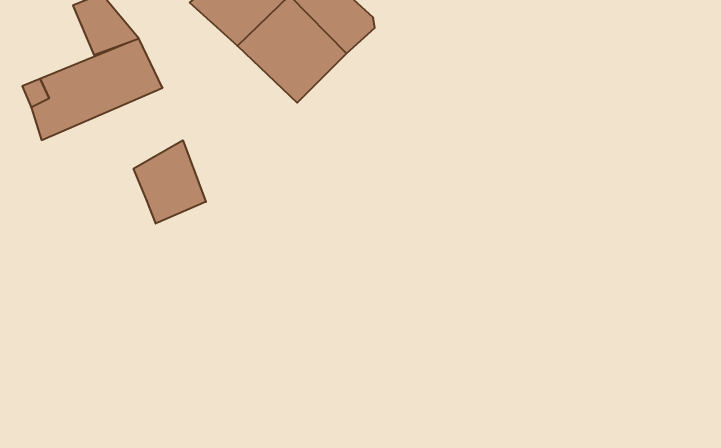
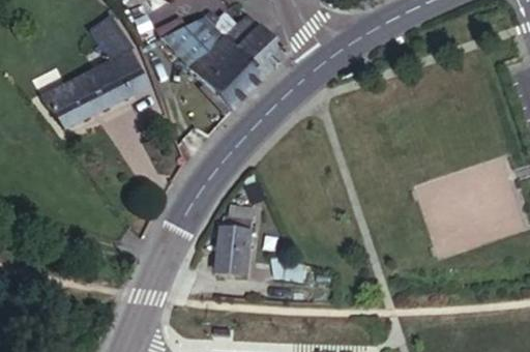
building: [134,140,206,224] -> none
building: none -> [218,231,258,284]

